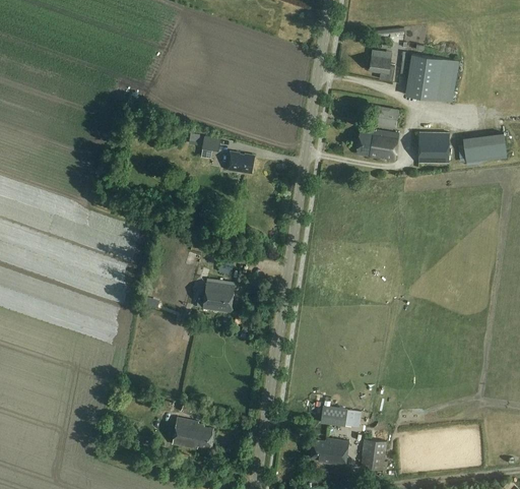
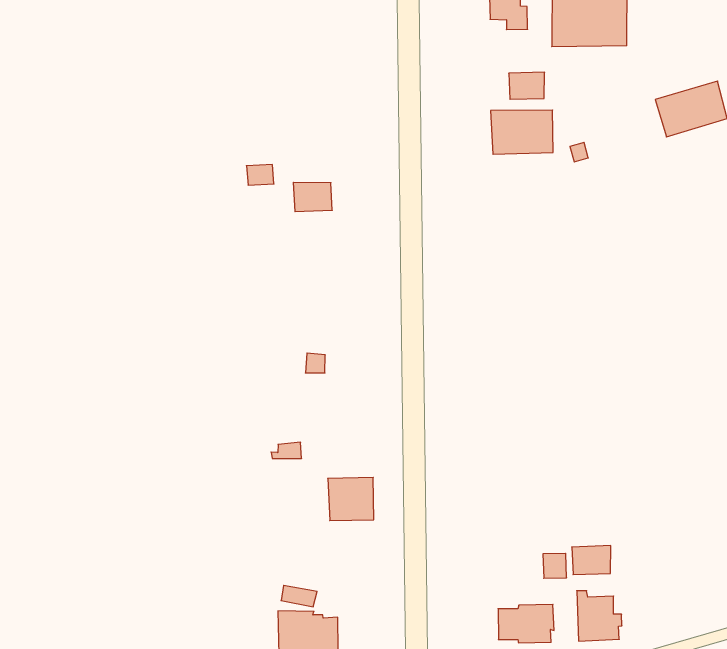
building: [418,132,450,163] -> none
building: [203,283,235,313] -> [328,477,374,521]
building: [321,406,347,426] -> [572,546,611,575]

